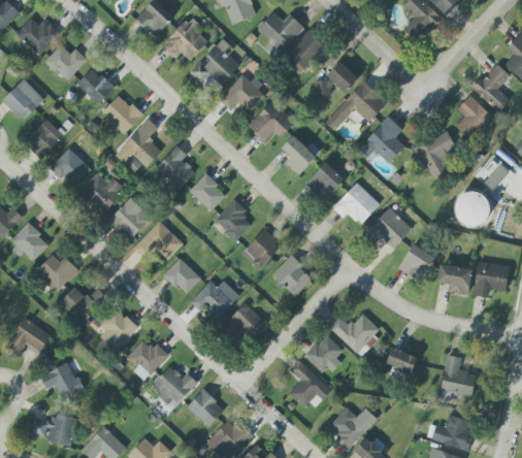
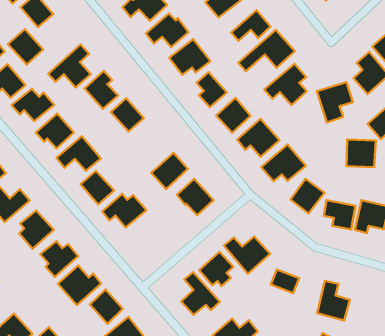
building: [101,94,141,133] -> [8,29,43,64]
building: [214,199,251,241] -> none
building: [223,303,267,339] -> none

